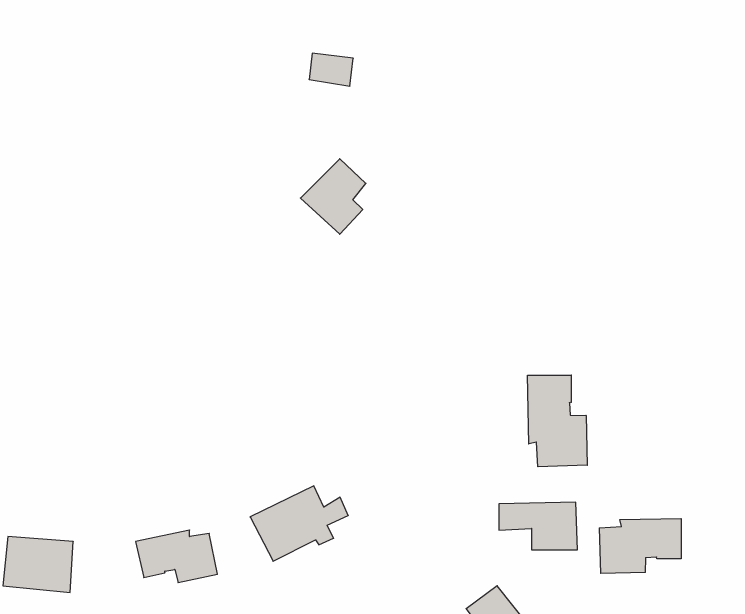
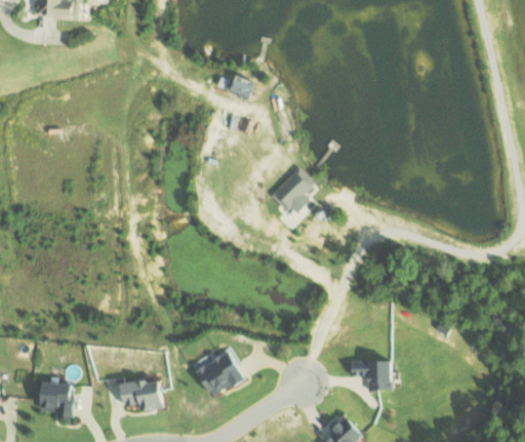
building: [300,159,366,234] -> [270,170,311,217]
building: [528,375,587,467] -> none
building: [599,519,681,573] -> none

